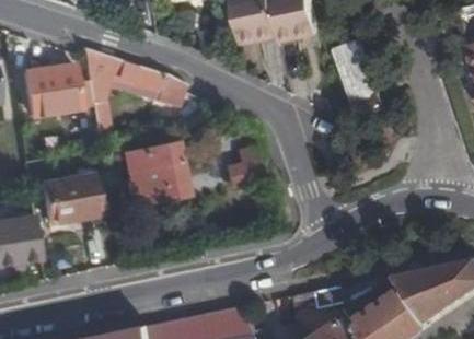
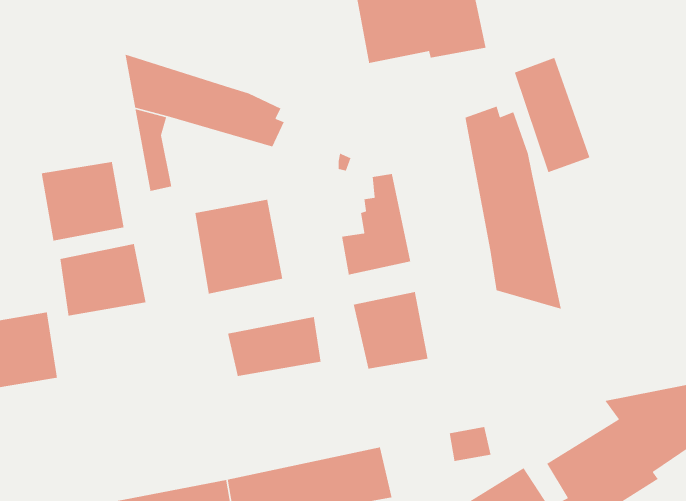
building: [26,68,80,119] -> [41,161,124,241]
building: none -> [464,105,562,310]
building: none -> [353,291,429,369]
building: none -> [227,316,322,377]

